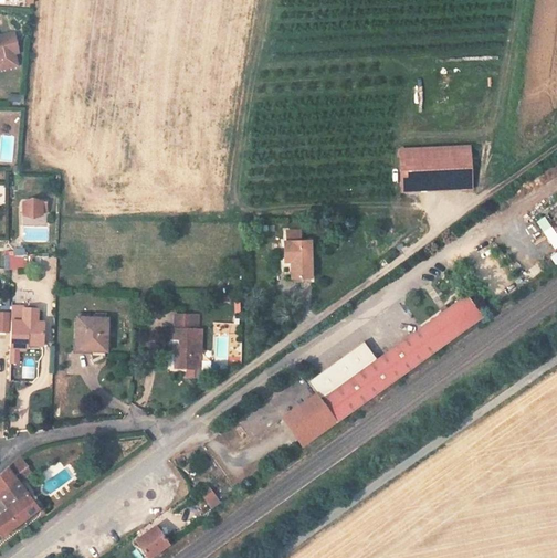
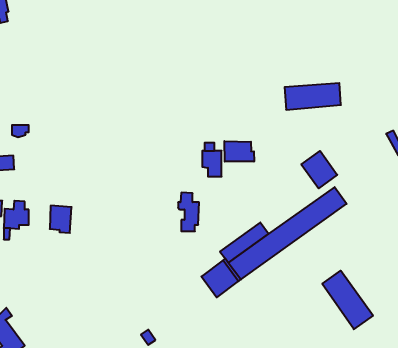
building: none -> [224,141,254,162]
building: none -> [301,151,337,188]
building: [174,315,202,368] -> [178,193,199,231]
building: none -> [322,271,373,329]

